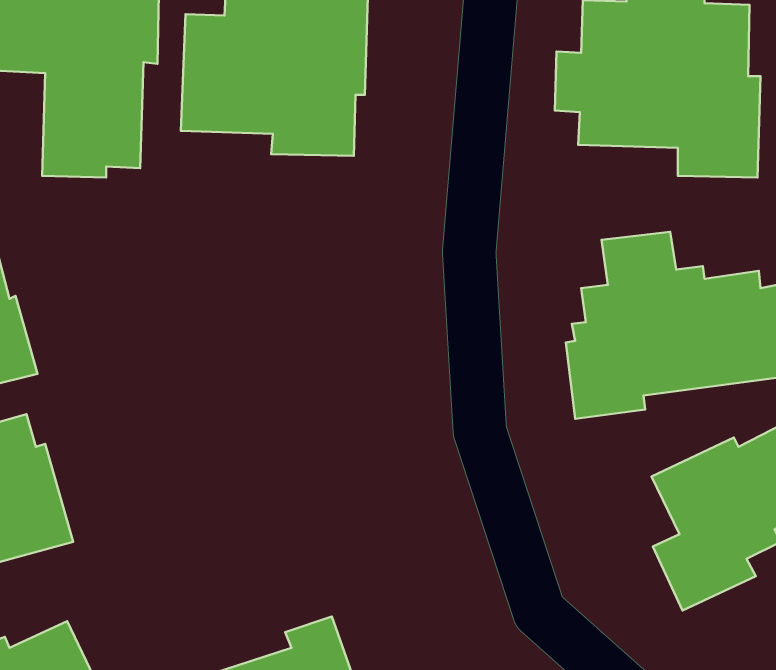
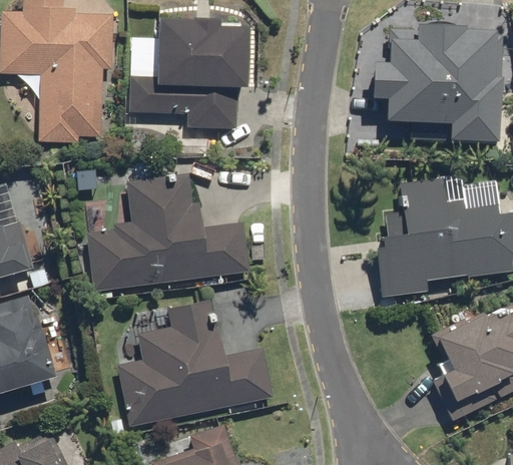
building: none -> [85,173,250,292]
building: none -> [115,299,274,426]

